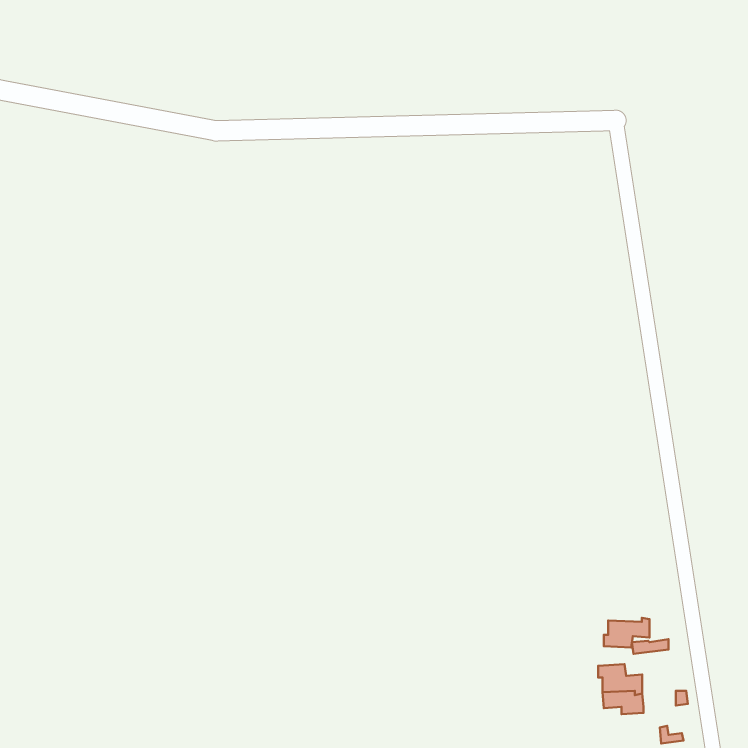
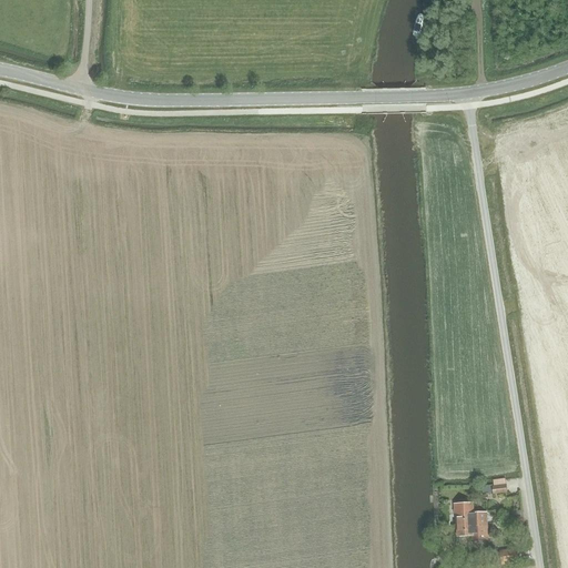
building: [604,618,650,648] -> none

